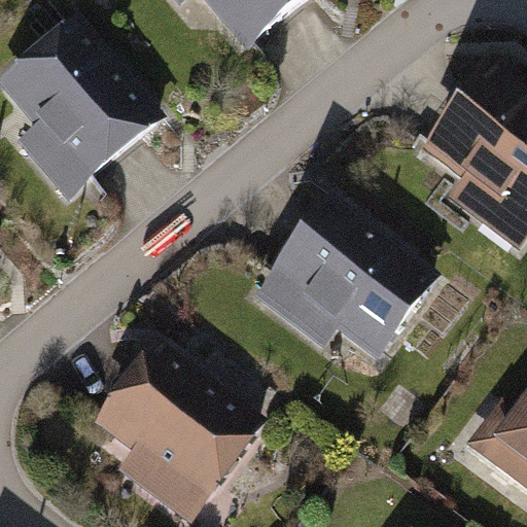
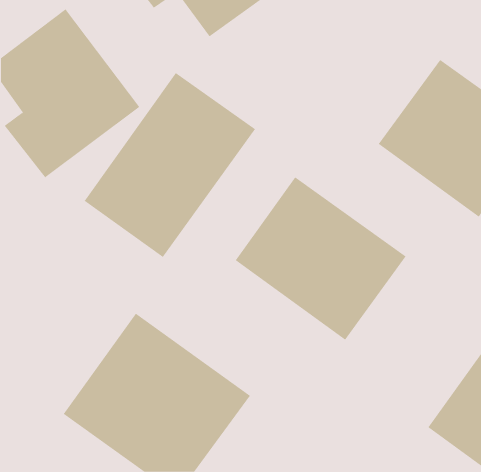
building: none -> [84,72,256,258]

